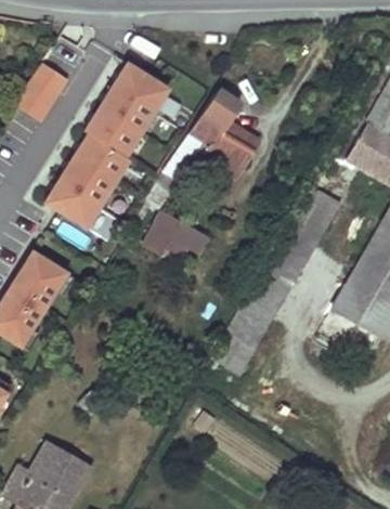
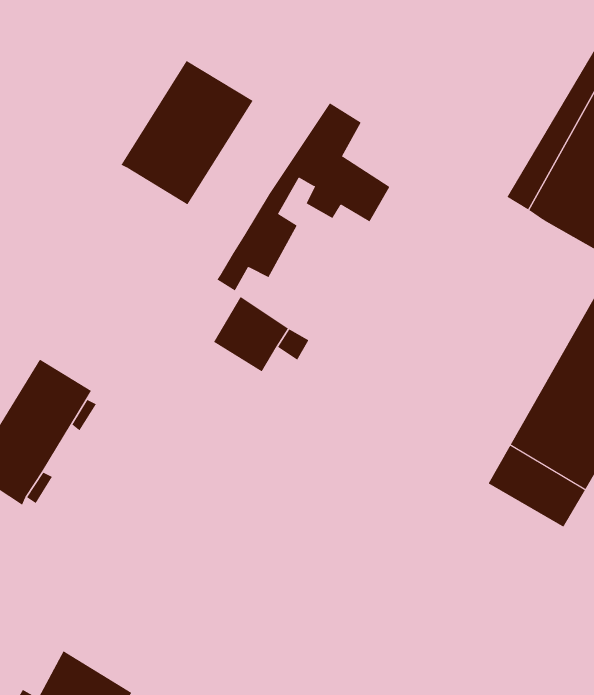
building: [16,63,70,122] -> none
building: [43,130,132,230] -> none
building: [224,183,342,350] -> none

